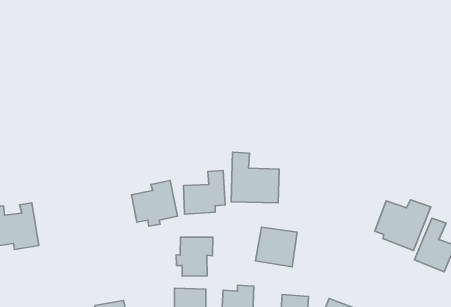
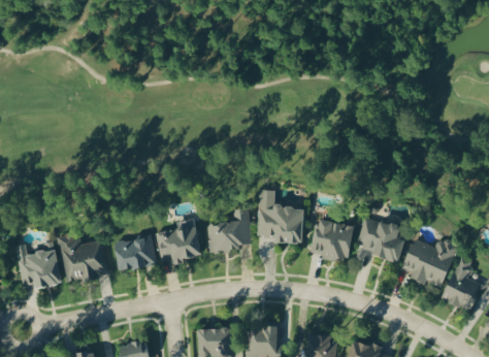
building: none -> [356,218,408,261]
building: none -> [56,234,107,282]
building: none -> [112,236,155,271]
building: [255,227,297,267] -> [311,220,353,260]
building: [176,237,213,276] -> none

